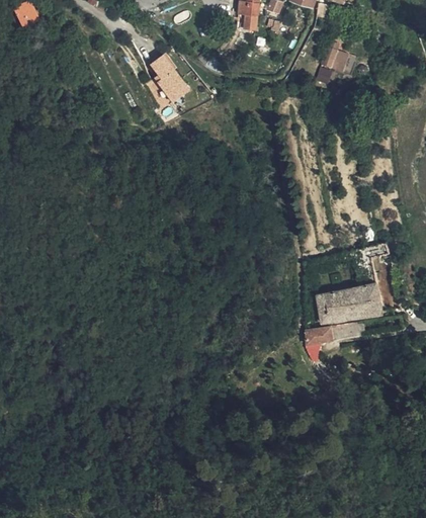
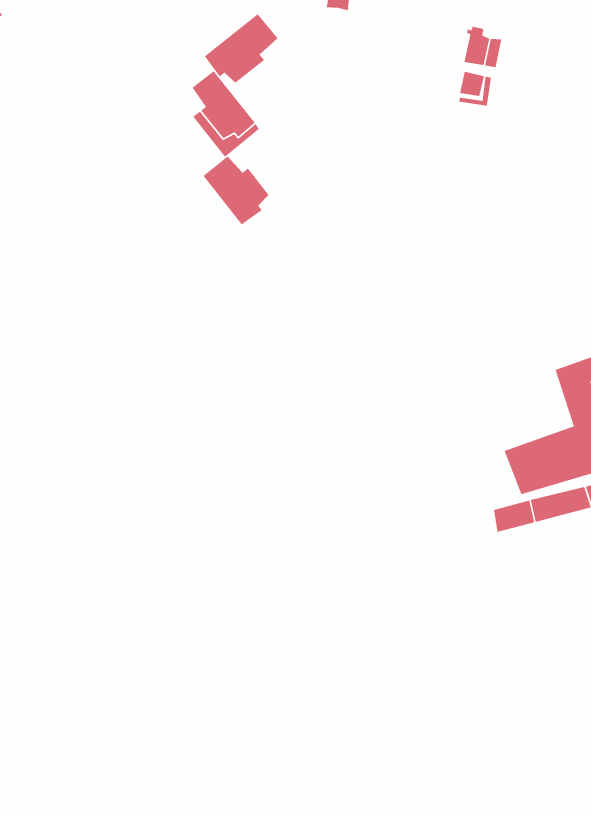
building: none -> [204,13,279,84]
building: none -> [203,155,269,226]

